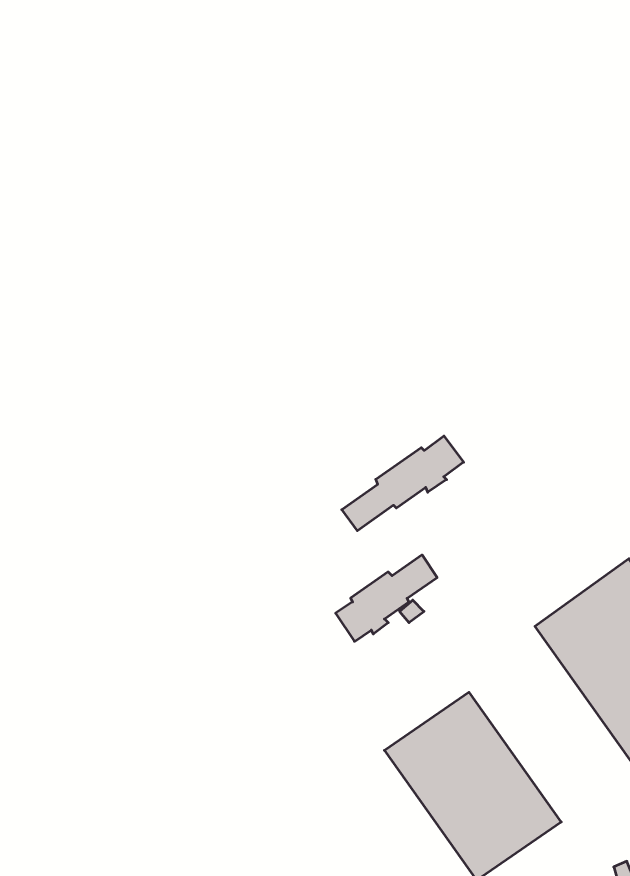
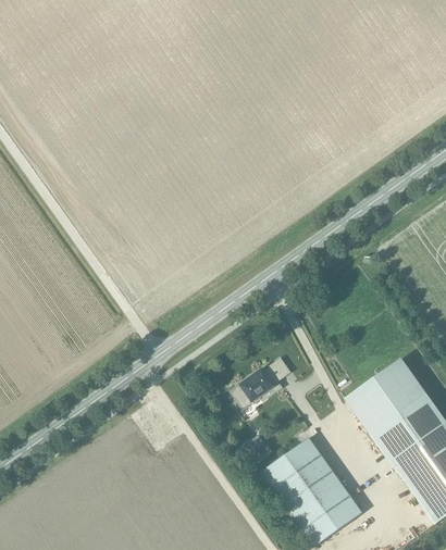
building: [342,436,464,531] -> none

